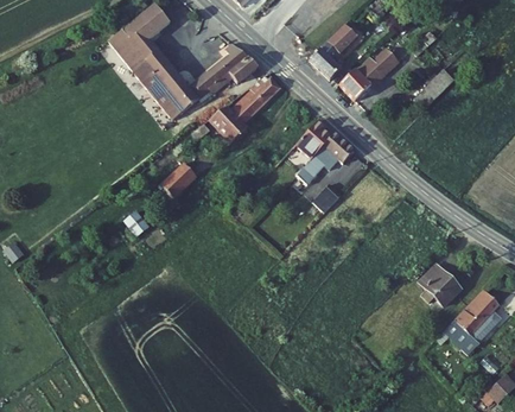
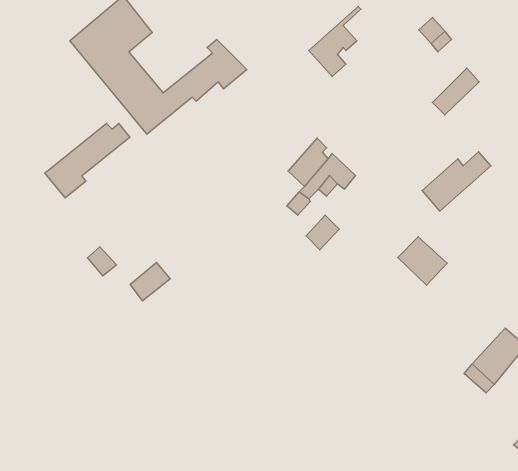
building: [344,44,403,95] -> [422,152,491,211]
building: [210,76,284,140] -> [45,124,130,198]
building: [163,167,197,201] -> [130,262,170,301]
building: [420,266,463,308] -> [398,237,447,285]

